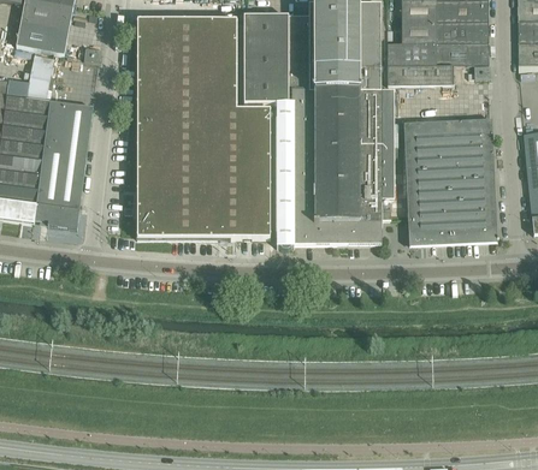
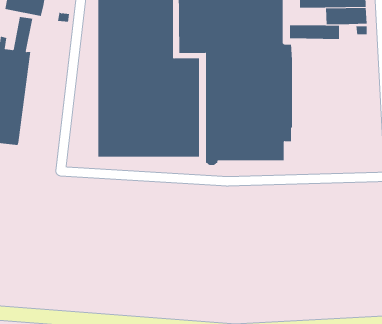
building: [388,42,436,65] -> none
building: [35,100,93,228] -> none
building: [404,119,498,245] -> none

